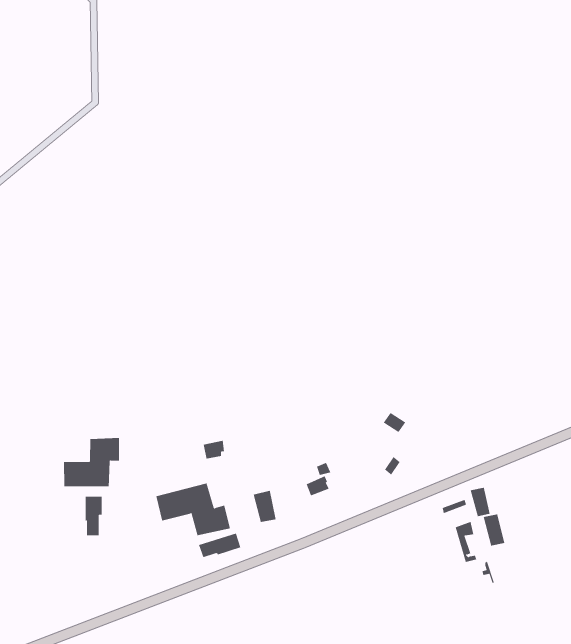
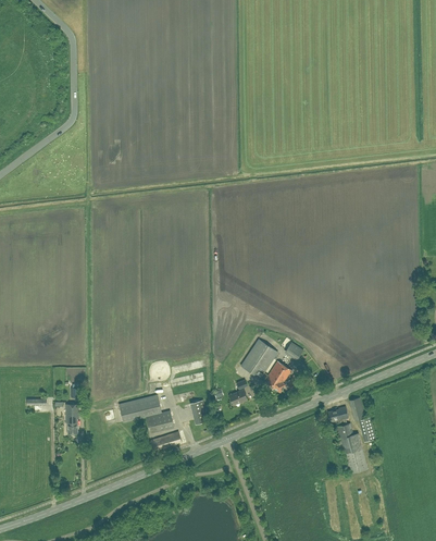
building: none -> [240,339,291,392]
building: [64,437,119,487] -> none

